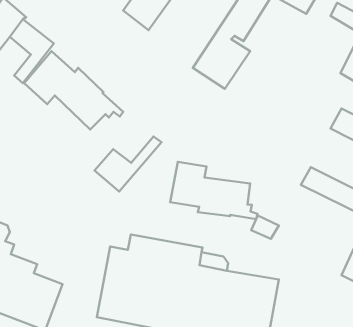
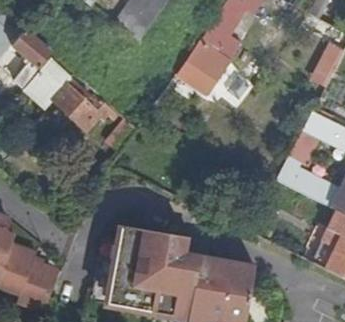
building: [95,137,162,191] -> none
building: [170,162,257,219] -> none

